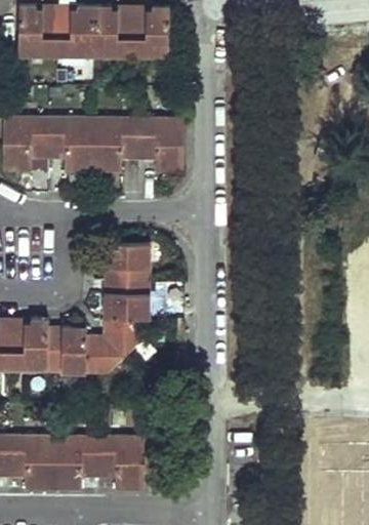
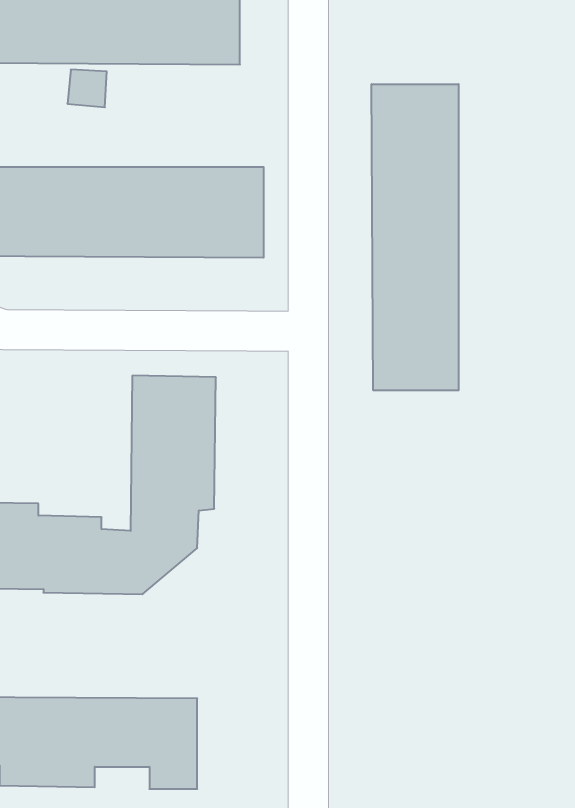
building: none -> [372,84,459,390]

